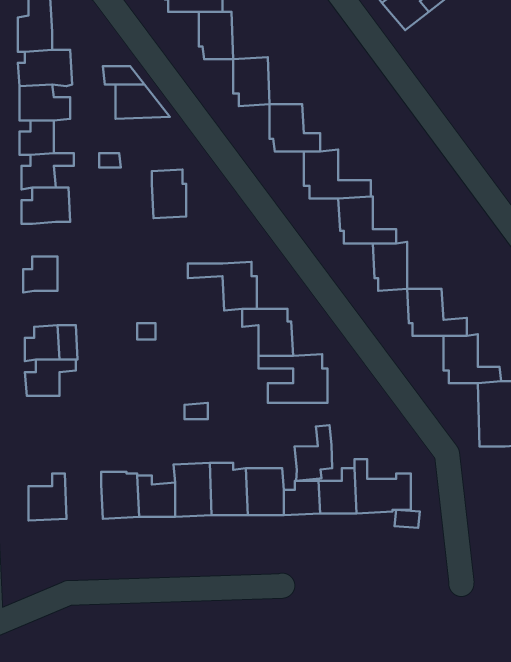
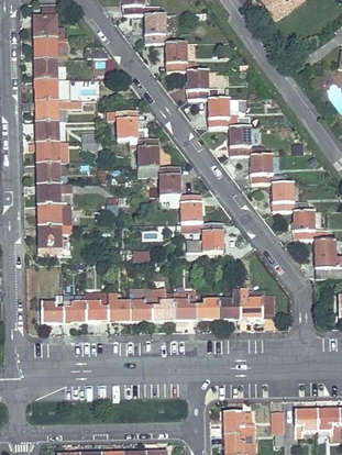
building: none -> [136,137,158,166]
building: none -> [37,141,67,163]
building: none -> [37,182,70,204]
building: [294,425,332,481] -> none
building: none -> [63,293,86,321]

